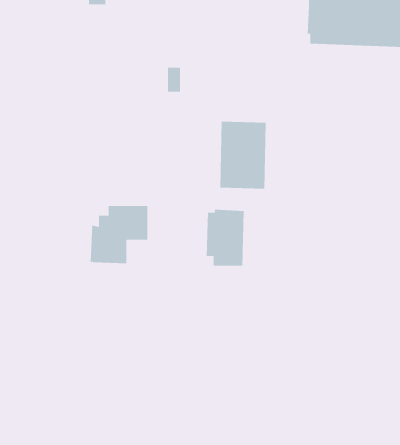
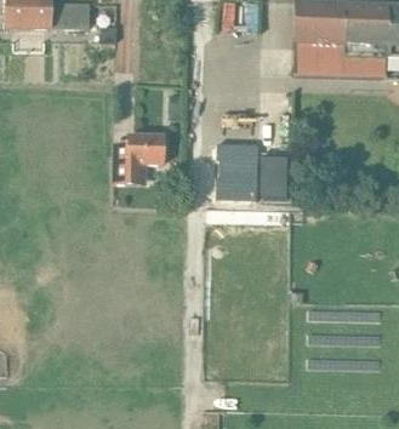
building: [90,206,148,264] -> [110,133,161,184]
building: [206,209,245,266] -> [257,151,291,201]

